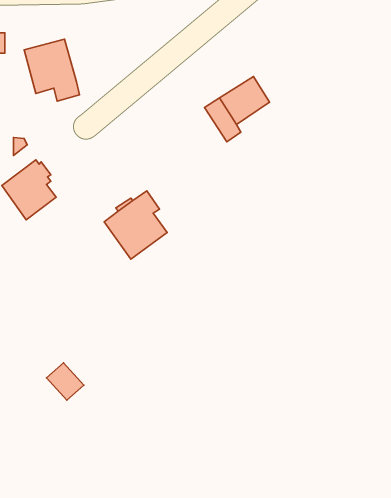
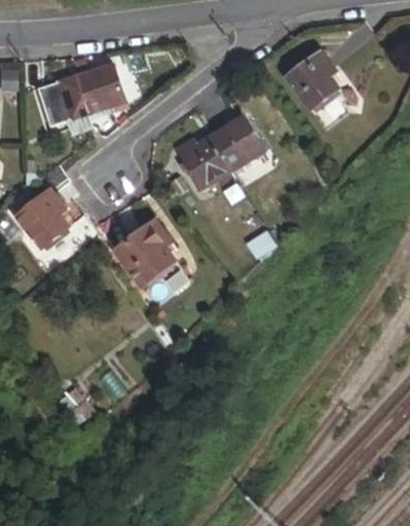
building: none -> [287,52,342,111]
building: none -> [76,63,127,115]
building: none -> [178,140,232,191]

